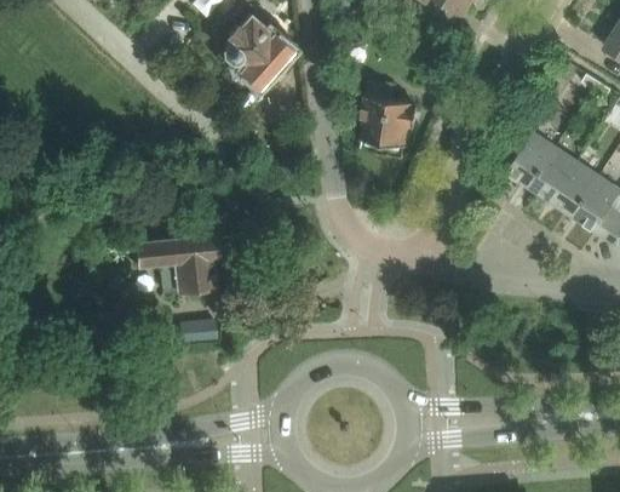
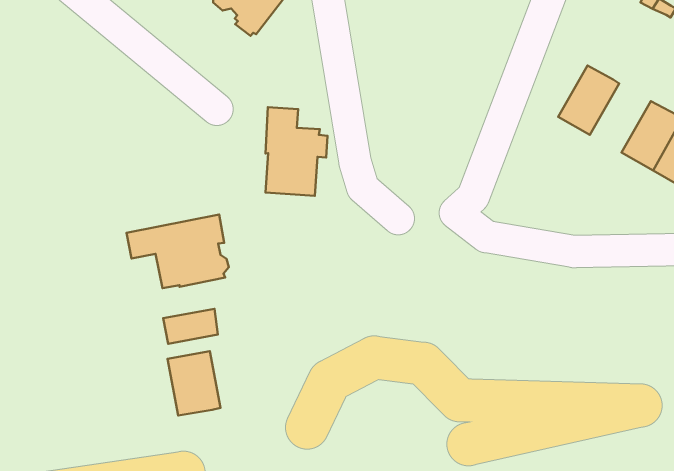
building: [362,80,418,158] -> [265,107,328,196]
building: [532,149,585,207] -> none
building: none -> [168,351,220,416]

